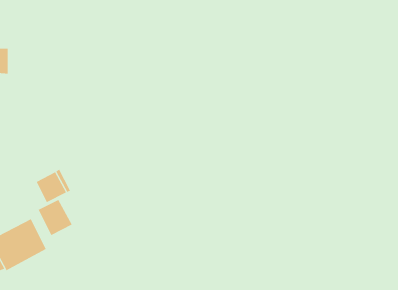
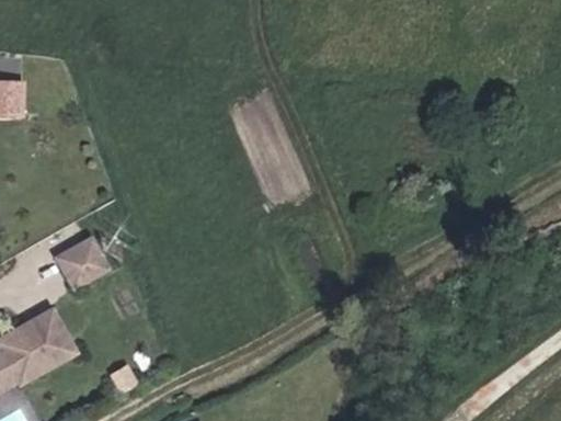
building: [38,199,72,236] -> none

